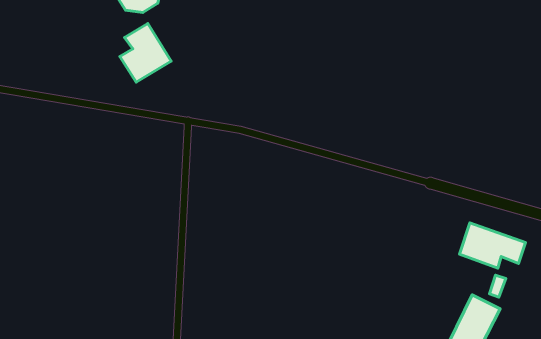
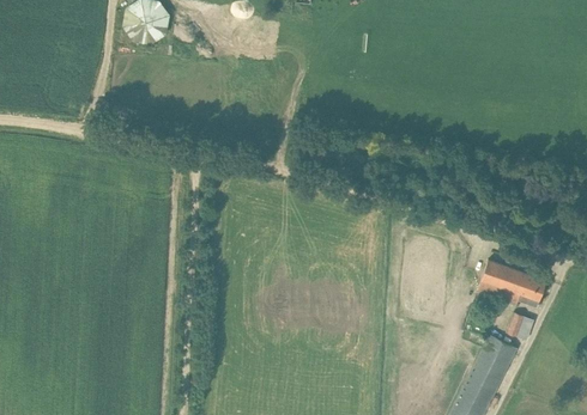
building: [120,23,171,82] -> none

